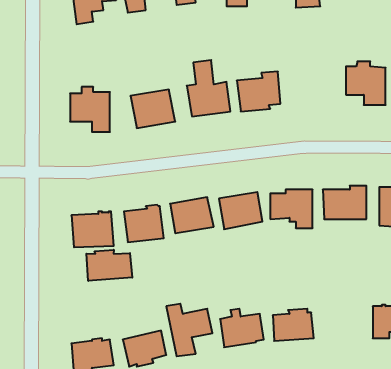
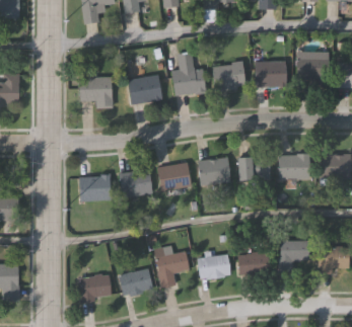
building: none -> [255,63,285,90]
building: [86,250,132,281] -> none
building: none -> [277,240,309,273]

